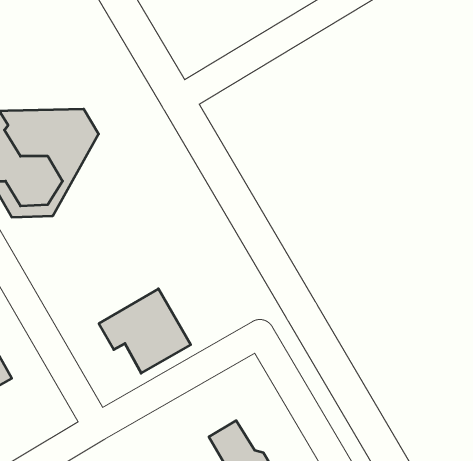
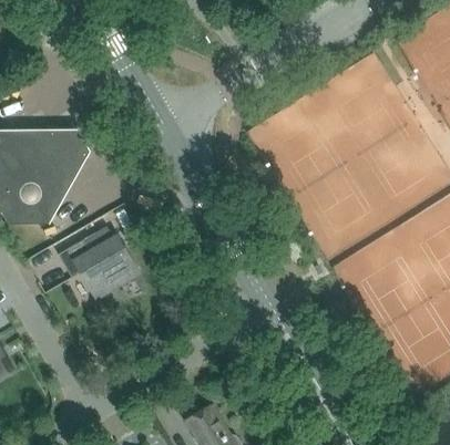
building: [99,289,191,373] -> [58,222,140,298]

